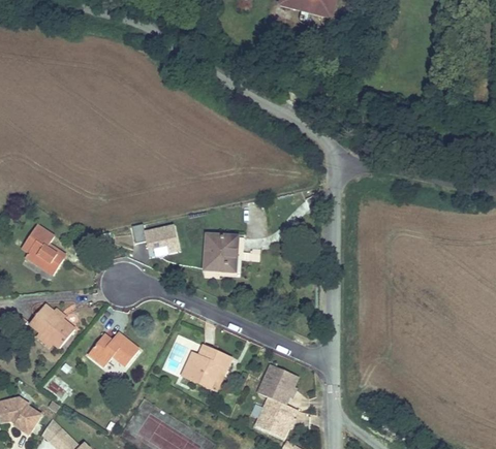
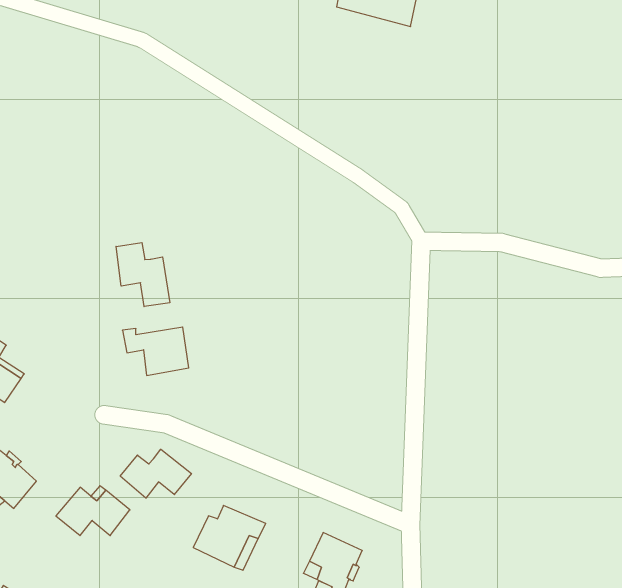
building: none -> [116,243,170,307]
building: [205,234,237,270] -> none
building: none -> [120,449,191,498]

